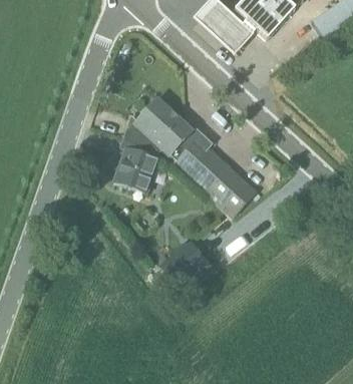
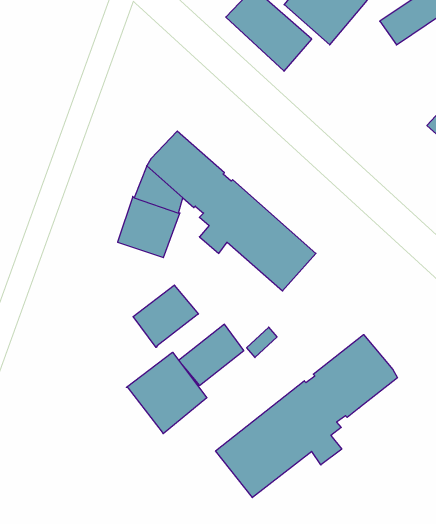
building: none -> [133,285,198,347]
building: none -> [216,335,397,498]
building: none -> [126,352,207,434]

